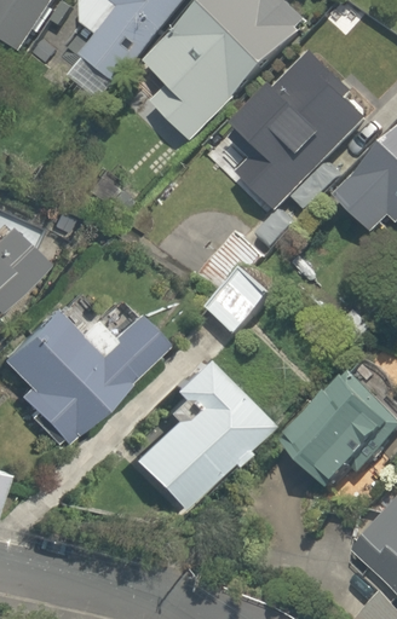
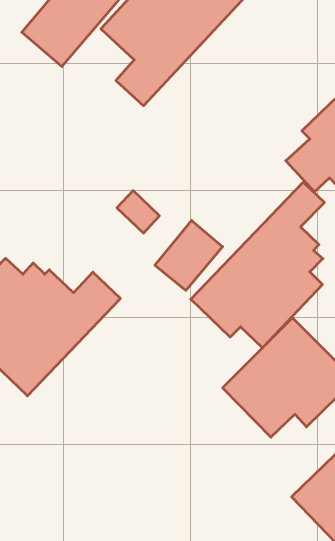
building: [232,42,378,215] -> none
building: none -> [191,182,324,348]
building: [125,346,259,501] -> none

